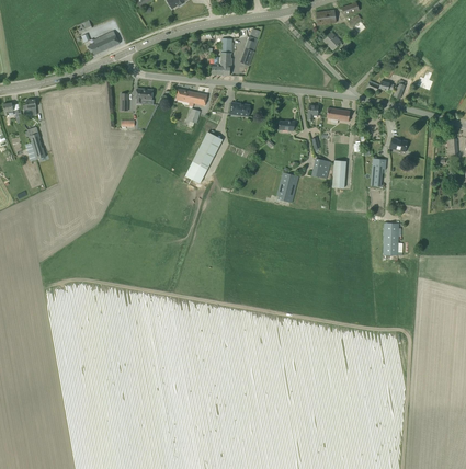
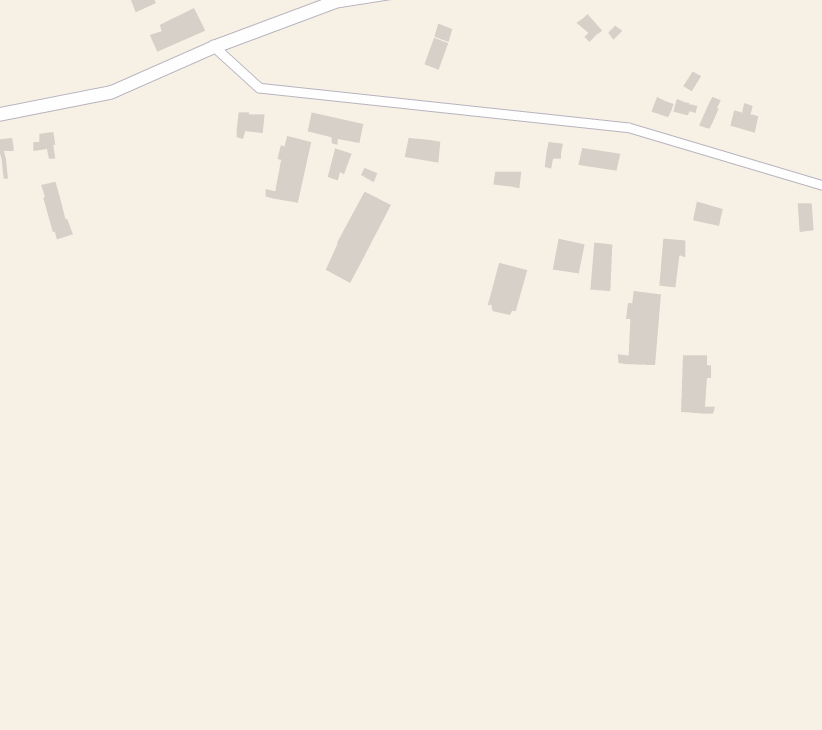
building: [212,37,232,75] -> none
building: none -> [265,135,312,203]
building: none -> [617,290,662,366]

